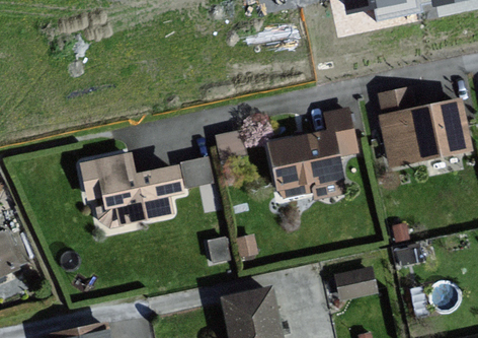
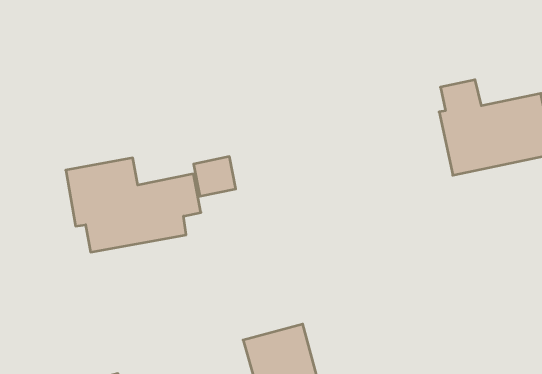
building: [271,109,355,199] -> none
building: [333,270,374,302] -> none

